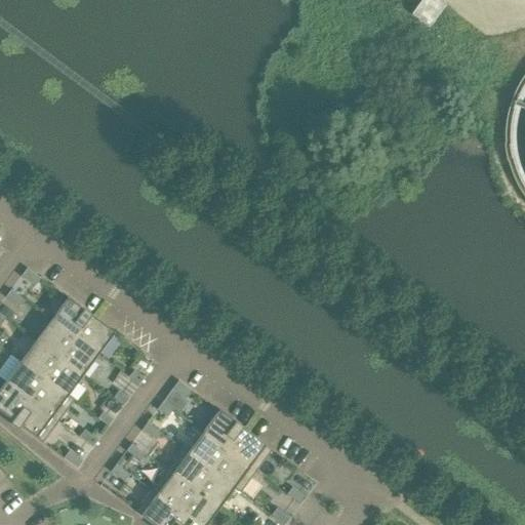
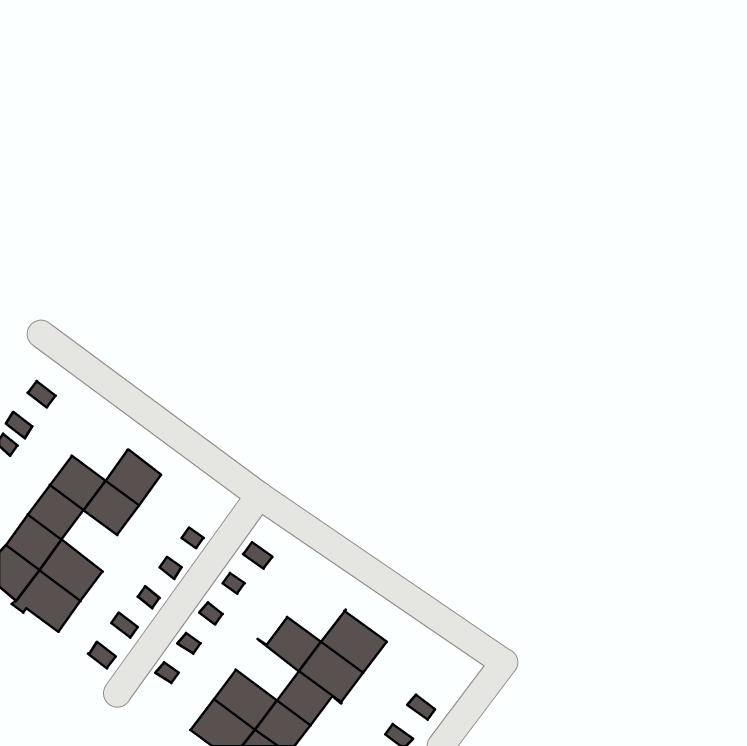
building: [50,297,90,336] -> none
building: [43,357,82,400] -> none
building: [201,409,242,449] -> none
building: [165,447,209,490] -> none

